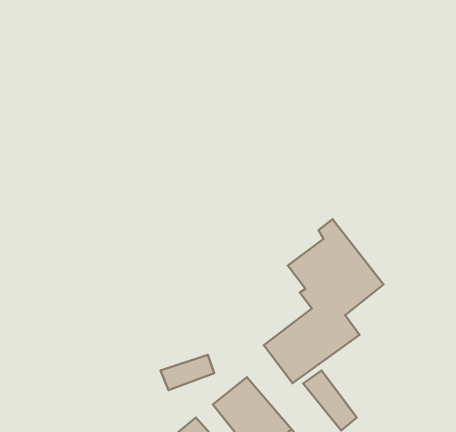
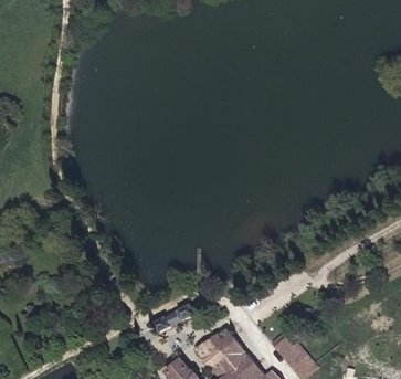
building: [264,219,384,383] -> none

